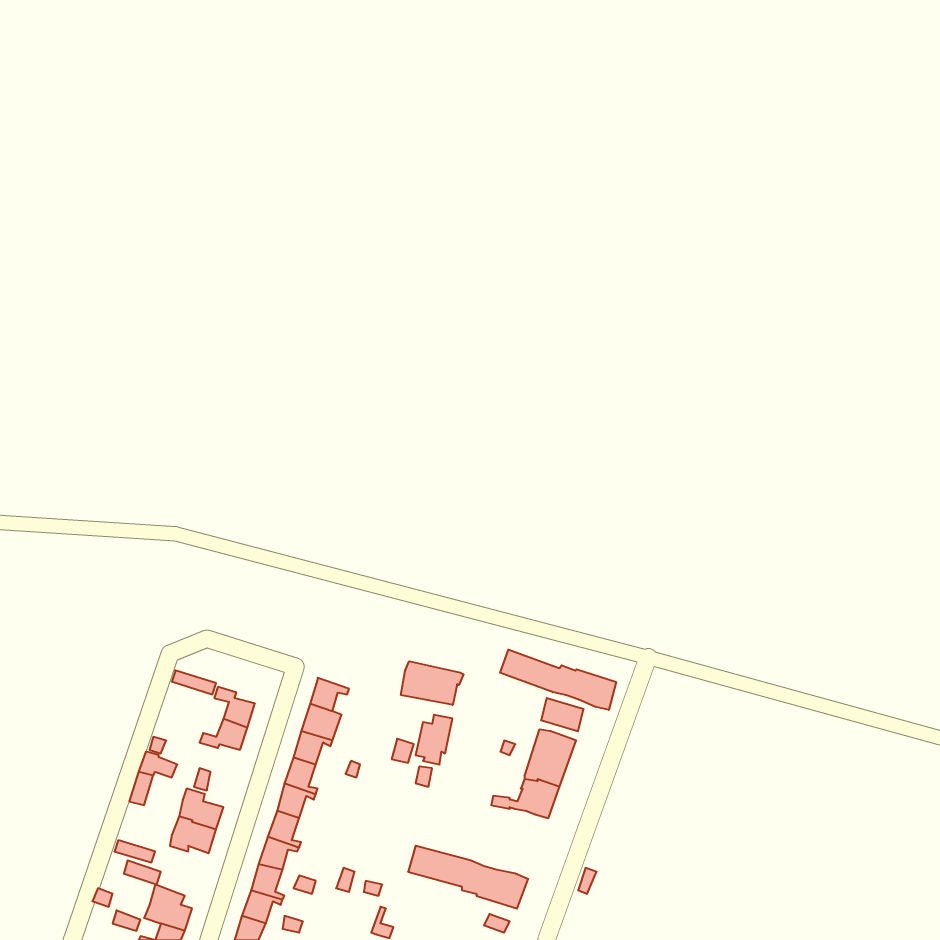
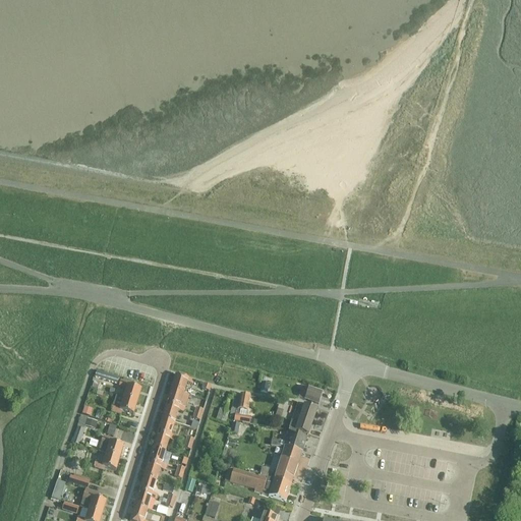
building: [500,650,616,710] -> none
building: [401,661,464,705] -> none
building: none -> [262,446,304,484]

